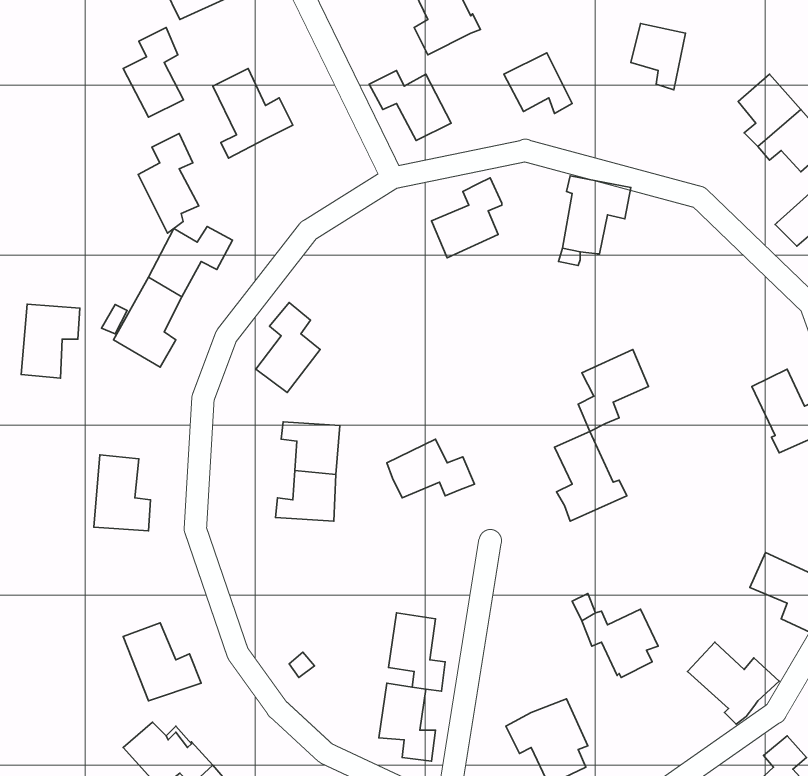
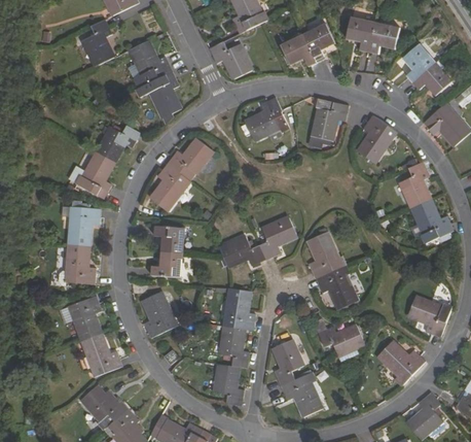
building: none -> [303,21,335,59]
building: none -> [370,22,401,53]
building: [138,134,199,233] -> [148,70,180,123]
building: none -> [358,114,396,162]
building: none -> [168,139,213,174]
building: none -> [400,162,430,208]
building: [21,304,80,378] -> [68,207,99,246]
building: [578,349,648,431] -> [259,216,296,260]
building: none -> [316,266,358,310]
building: none -> [224,290,255,333]
building: none -> [141,292,175,338]
building: none -> [68,294,101,340]
building: none -> [274,341,304,387]

